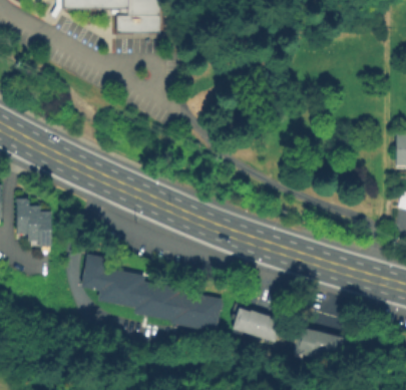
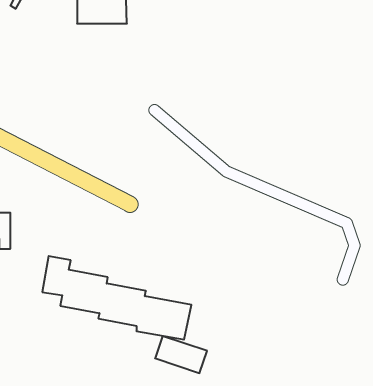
building: [233,307,282,342] -> [155,336,207,373]
building: [293,325,343,358] -> none

